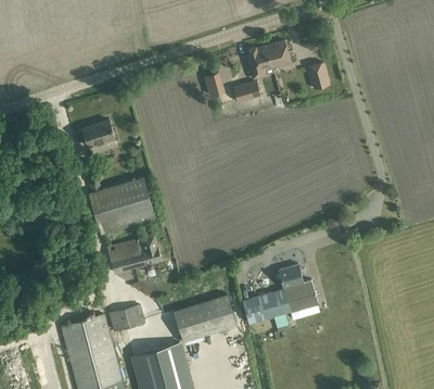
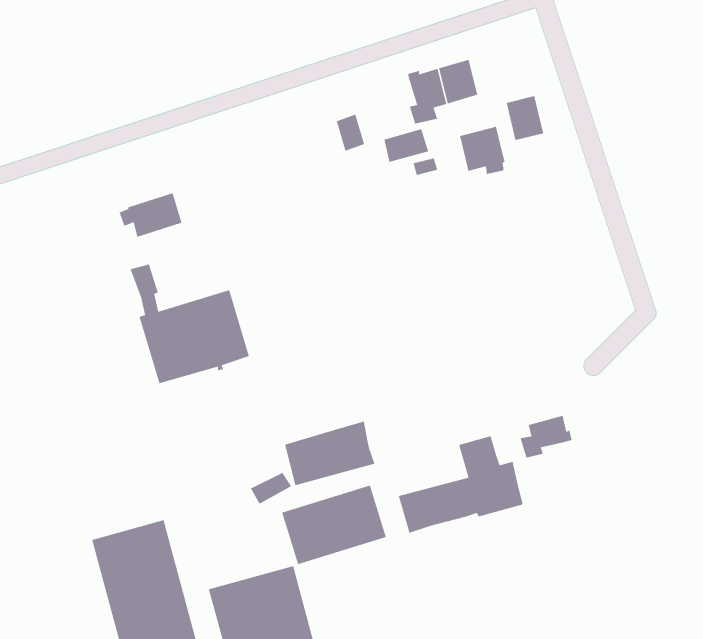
building: none -> [459,126,505,175]
building: [107,234,162,273] -> [284,420,375,486]
building: none -> [520,415,572,458]
building: [110,304,146,331] -> none

